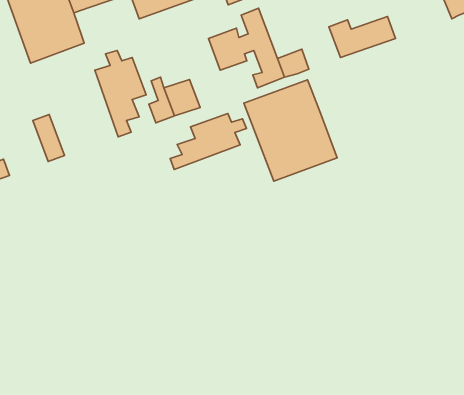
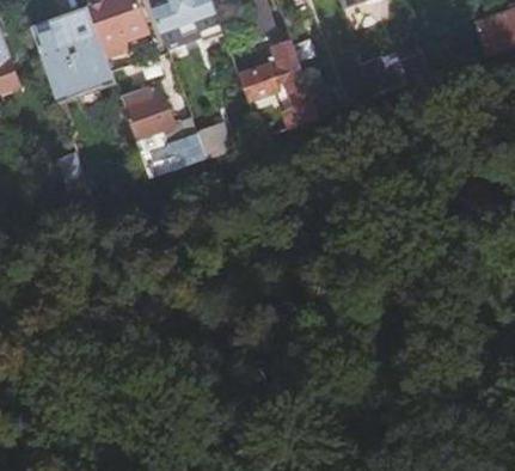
building: [244,80,337,181] -> none
building: [170,113,247,170] -> none

